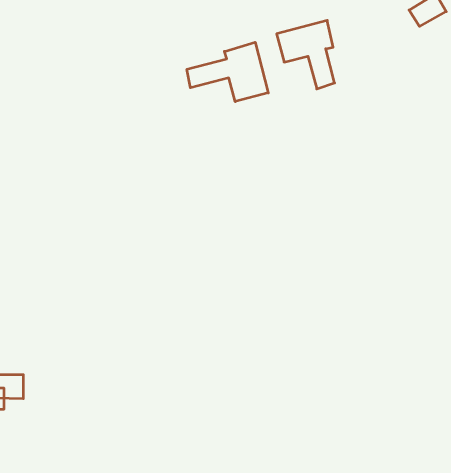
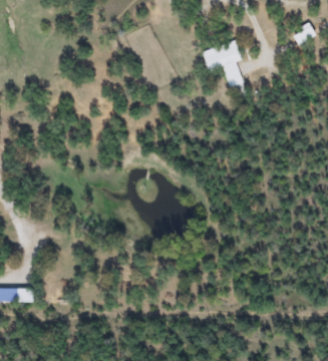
building: [187,42,268,102] -> none

